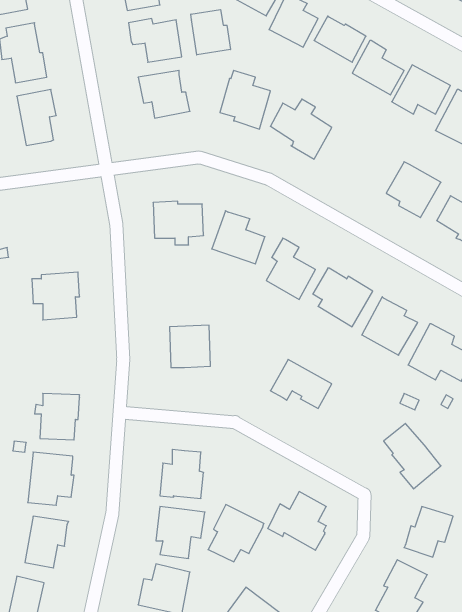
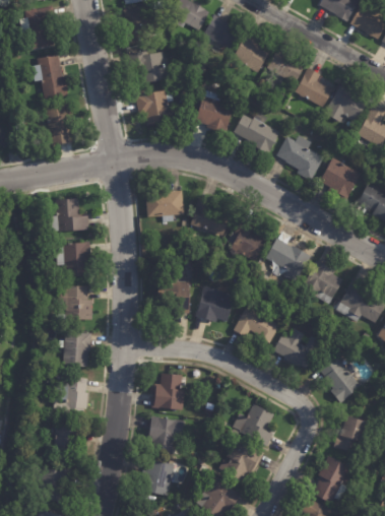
building: [191,10,230,55] -> none
building: none -> [276,136,324,182]
building: none -> [49,198,88,231]
building: none -> [55,285,92,319]
building: none -> [196,285,233,320]
building: none -> [273,327,321,368]
building: [208,505,264,562] -> [222,438,264,480]

